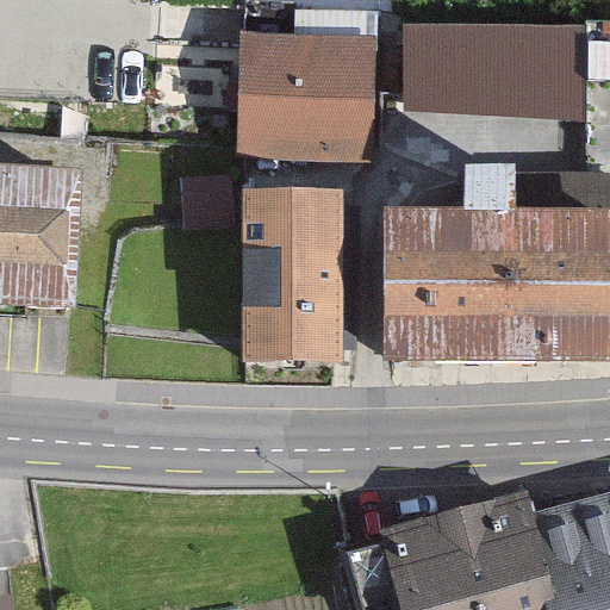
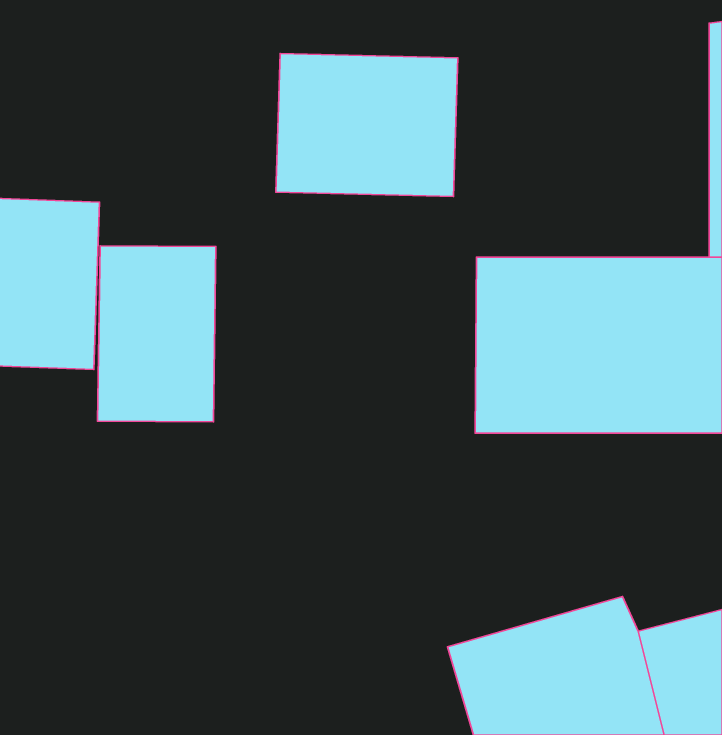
building: [390,18,571,107] -> none
building: [237,197,347,365] -> none
building: none -> [98,246,216,422]

